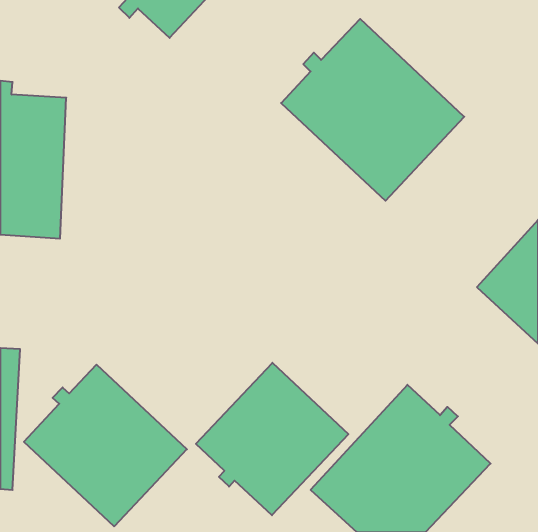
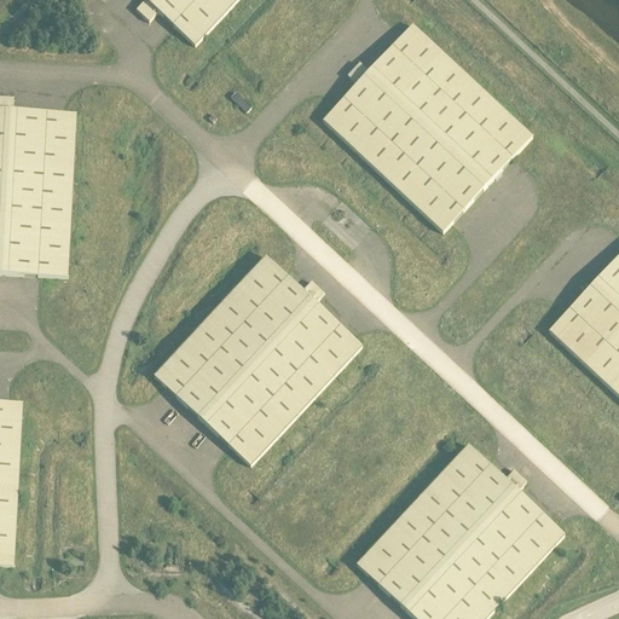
building: none -> [154,254,363,464]
building: [196,363,348,515] -> none
building: [24,365,187,526] -> none

